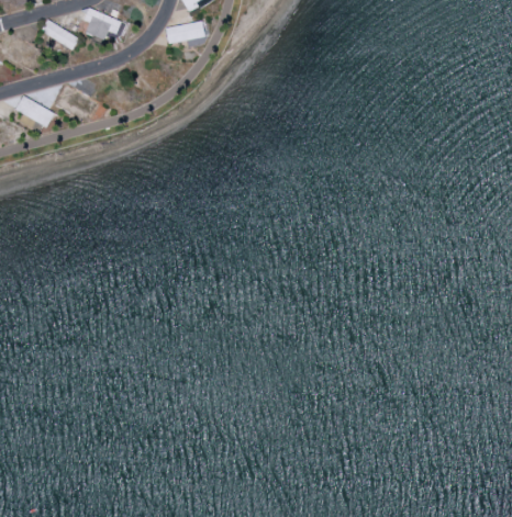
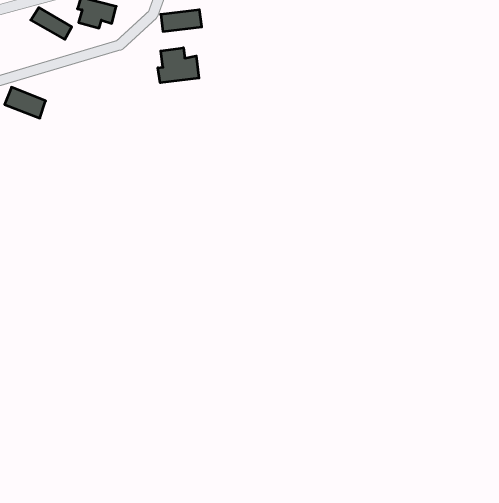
building: none -> [158,48,199,83]

